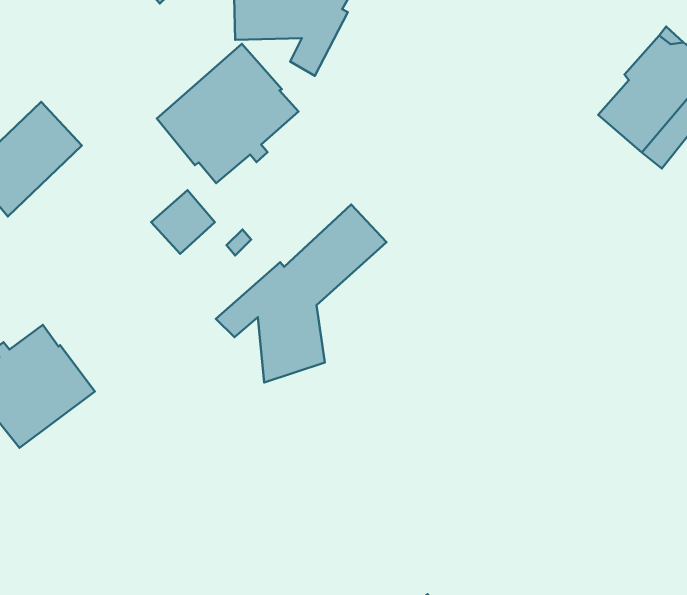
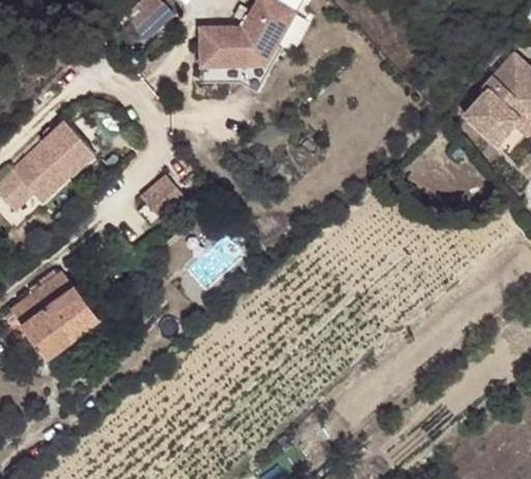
building: [157,44,298,183] -> none
building: [216,205,386,383] -> none

